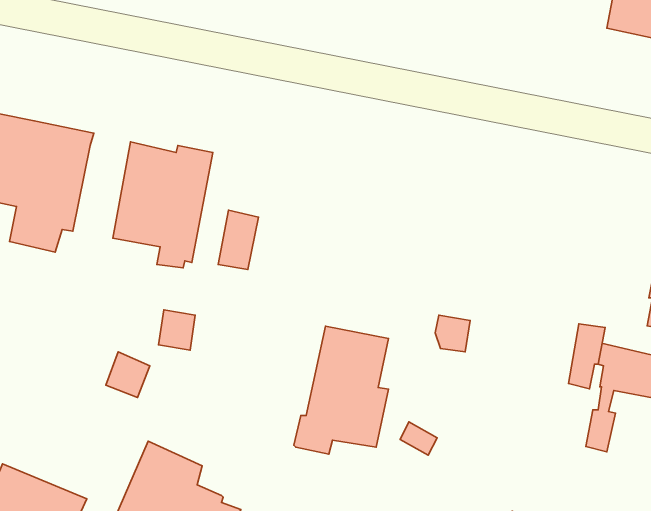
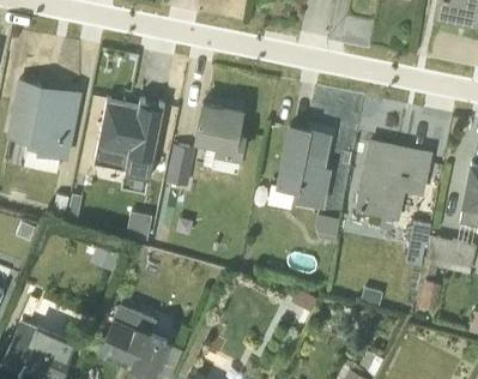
building: none -> [194,102,246,175]
building: none -> [356,140,432,221]
building: [294,326,389,454] -> [267,125,332,212]

